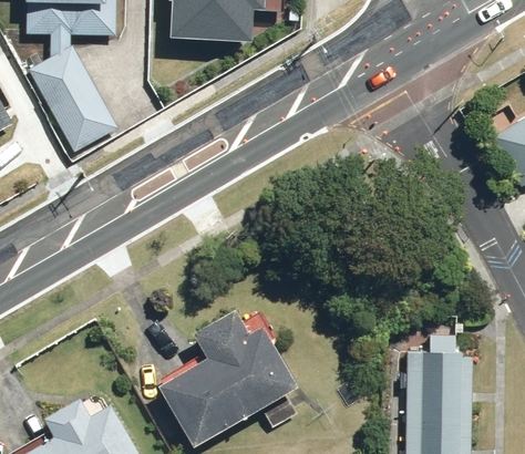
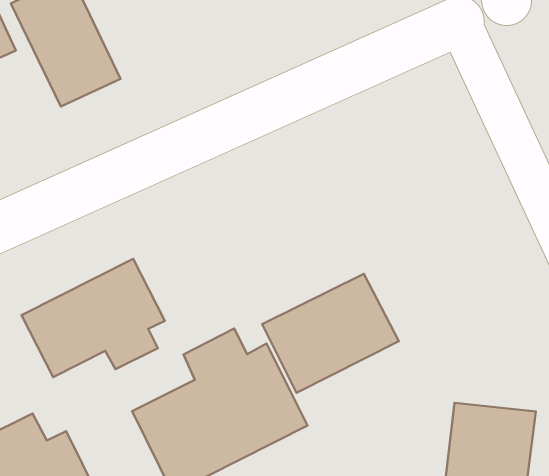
building: none -> [262,274,399,393]
building: none -> [21,259,165,377]

